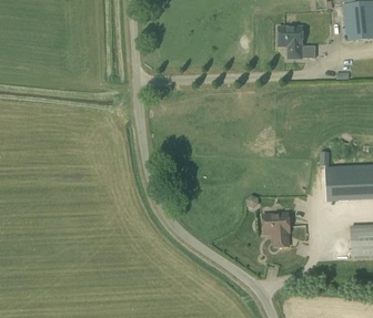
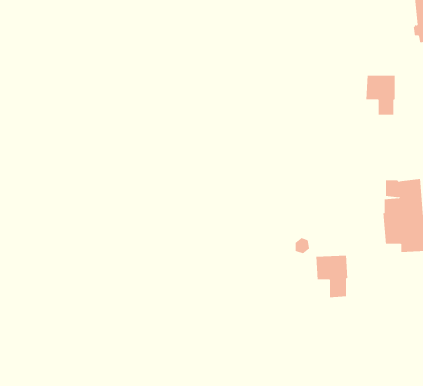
building: [279,25,303,58] -> [365,75,396,115]

